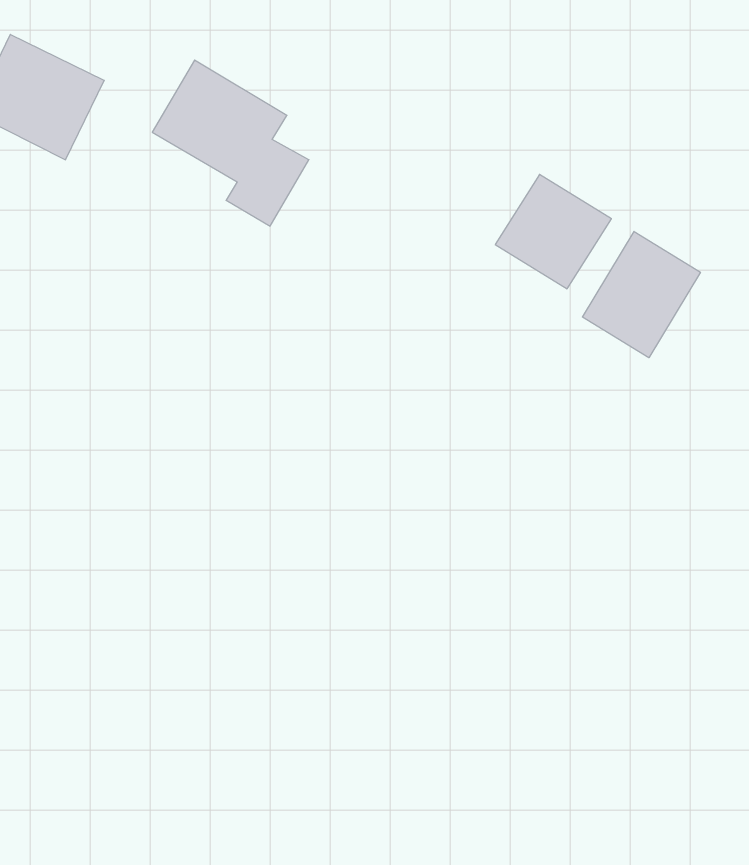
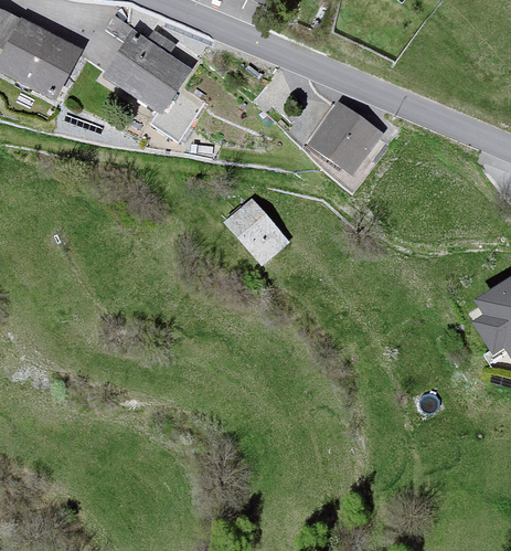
building: [582,231,700,358] -> none
building: none -> [228,201,285,261]

